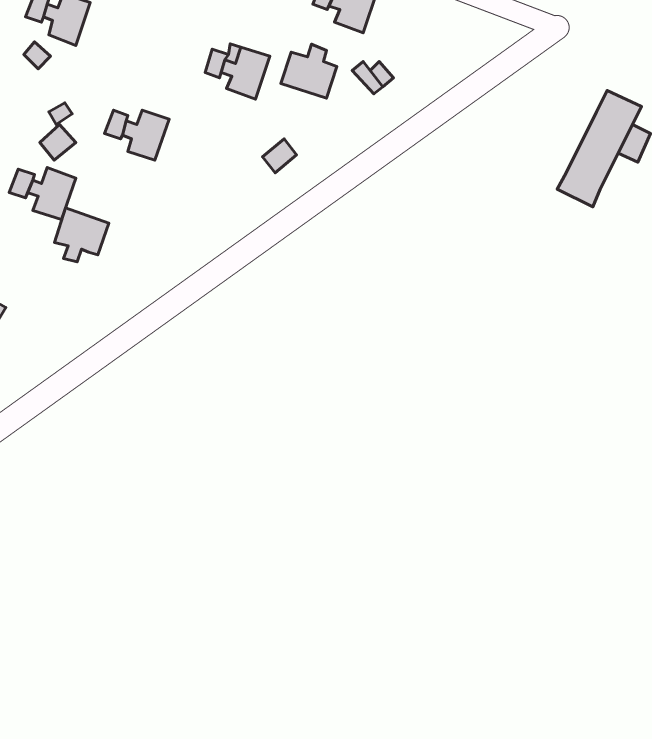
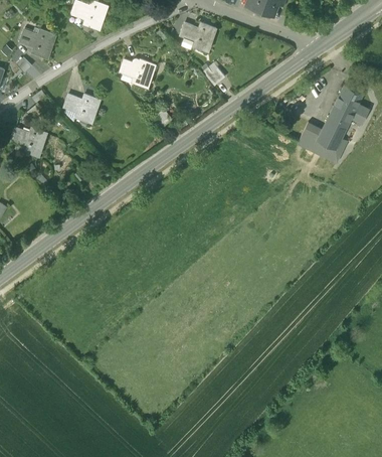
building: [281,44,337,98] -> none
building: none -> [299,123,346,160]
building: [55,208,109,262] -> none

